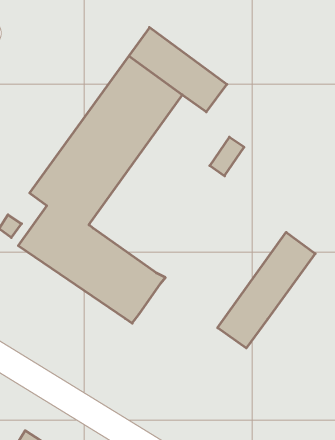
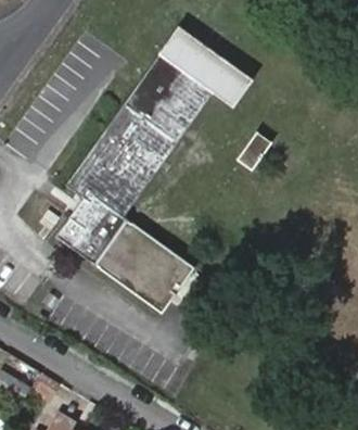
building: [218,232,315,348] -> none

